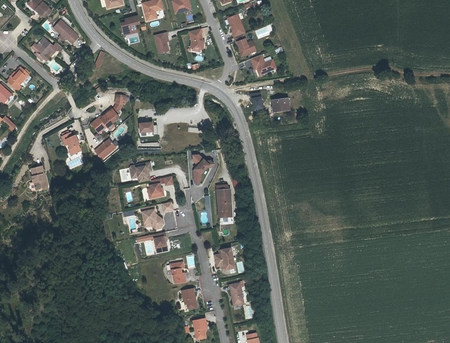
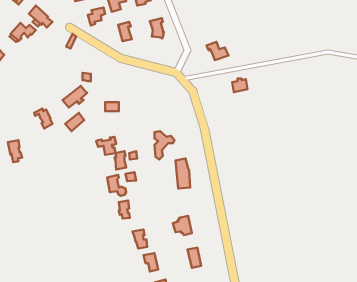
building: [227,17,256,59] -> none

